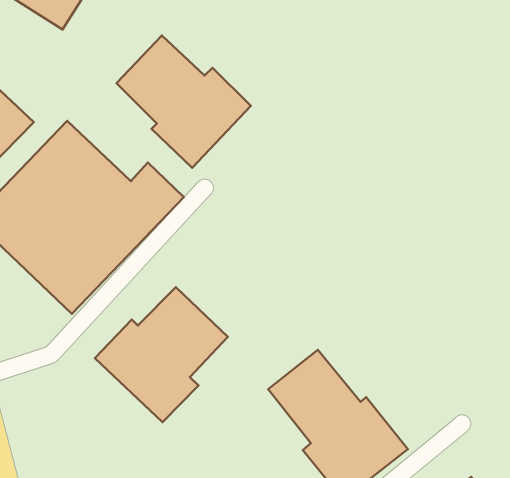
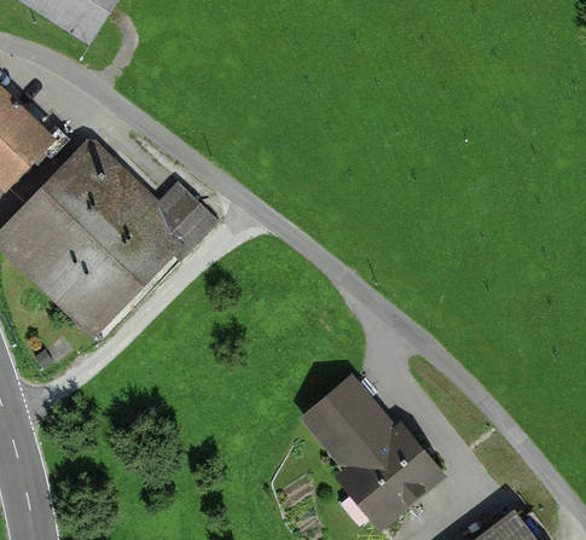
building: [116,36,251,168] -> none
building: [95,287,228,422] -> none

